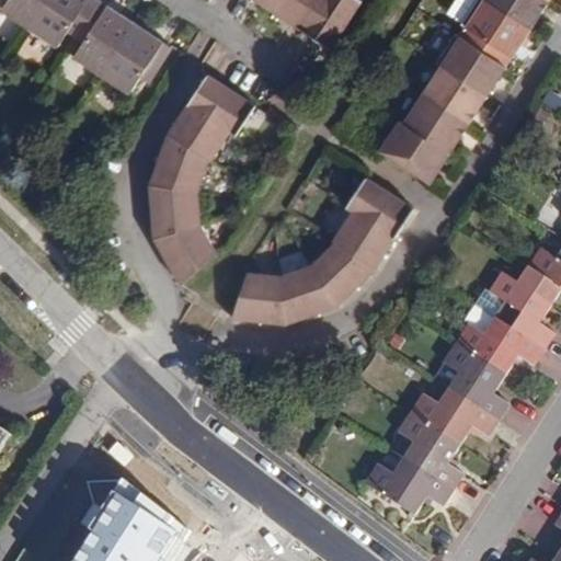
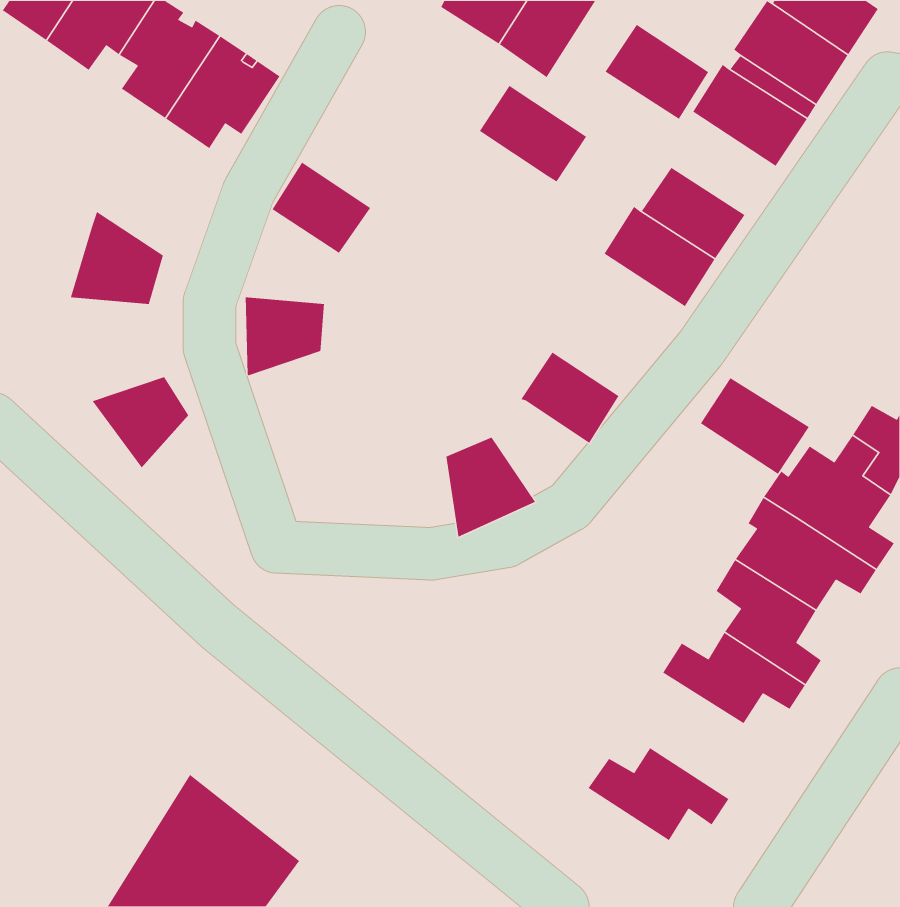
building: [186,71,253,131] -> [479,85,587,183]
building: [414,73,479,133] -> [605,24,709,120]
building: [151,129,209,187] -> [70,211,164,305]
building: [334,184,402,244] -> [700,377,810,475]
building: [153,217,214,274] -> [92,376,189,468]
building: [304,248,364,310] -> none
building: [231,282,283,332] -> none
building: [396,415,461,493] -> none

